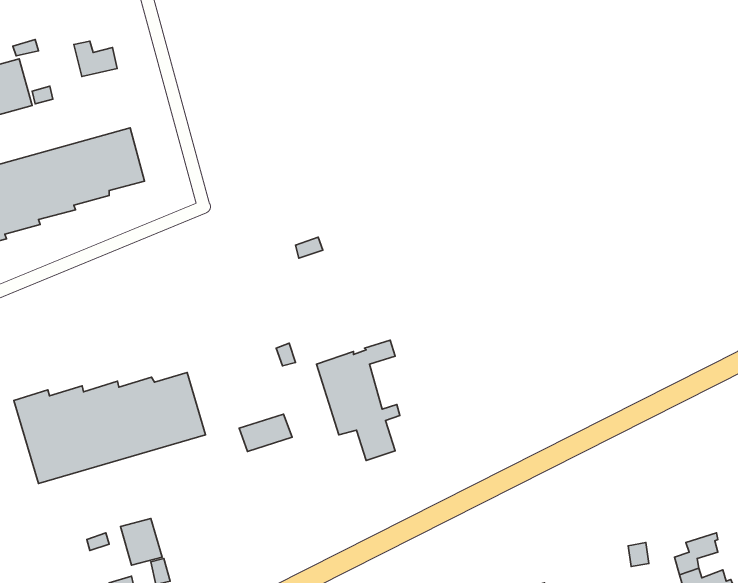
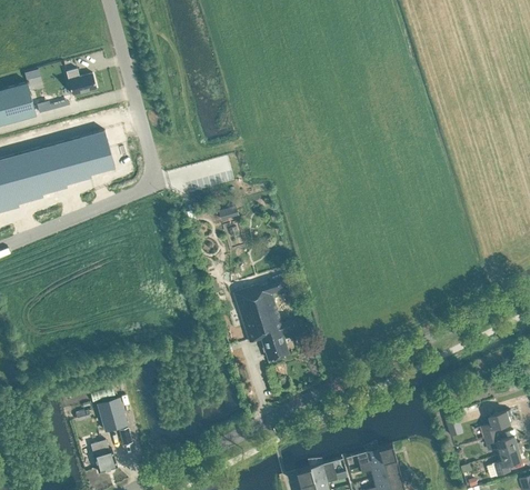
building: [14,373,205,484] -> none
building: [239,414,292,451] -> none

